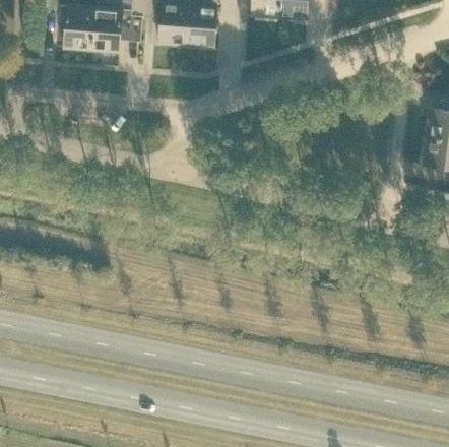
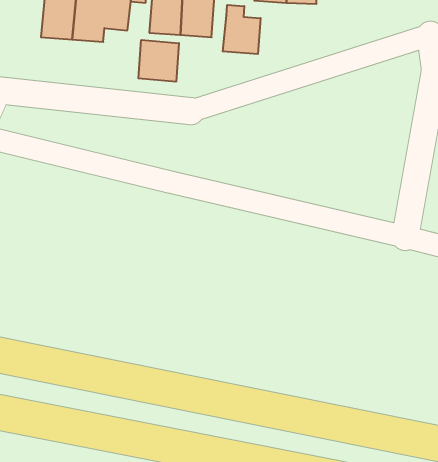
building: none -> [223,5,261,54]
building: none -> [138,40,179,82]

